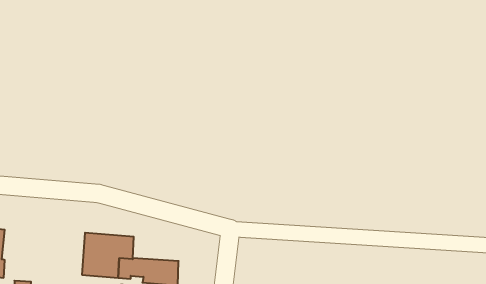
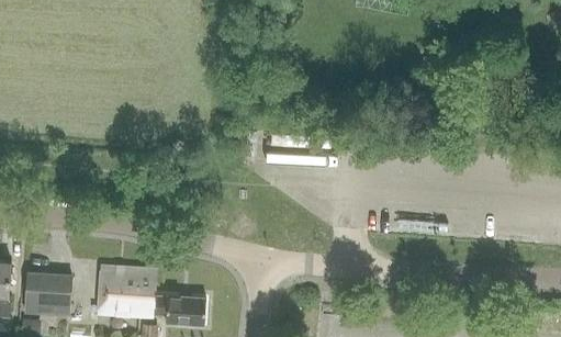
building: none -> [23,271,70,316]

